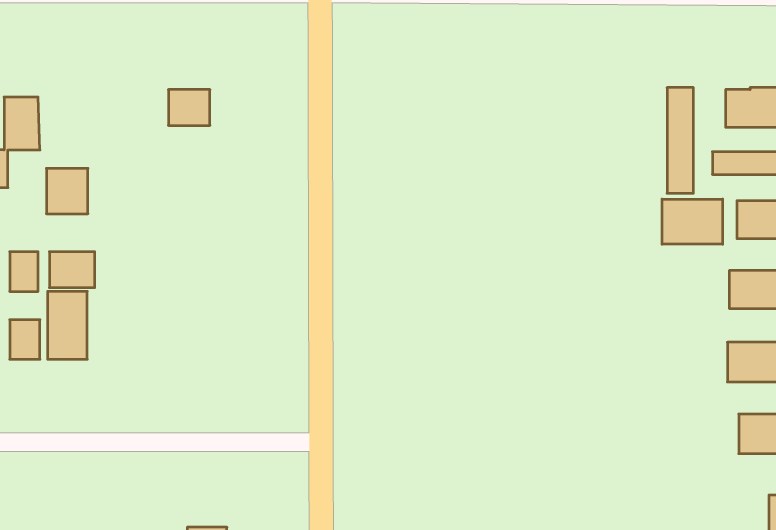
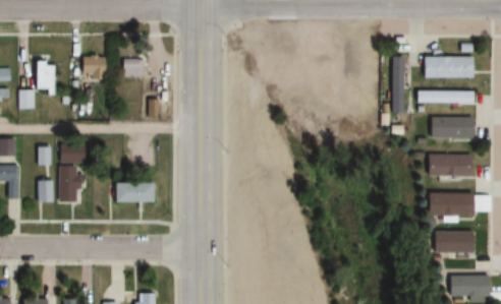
building: [46,168,88,214] -> [82,56,105,80]
building: [662,199,723,244] -> none
building: none -> [114,183,152,202]

